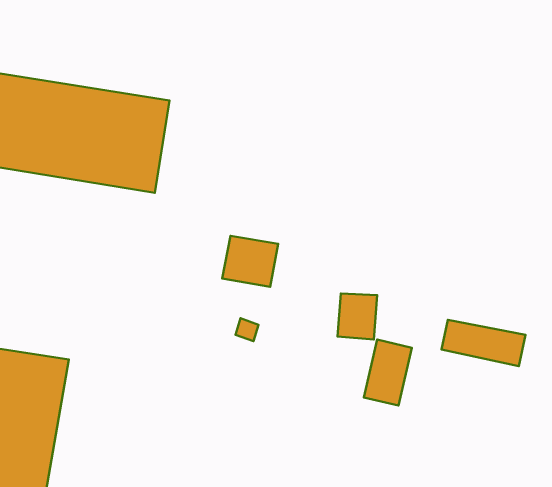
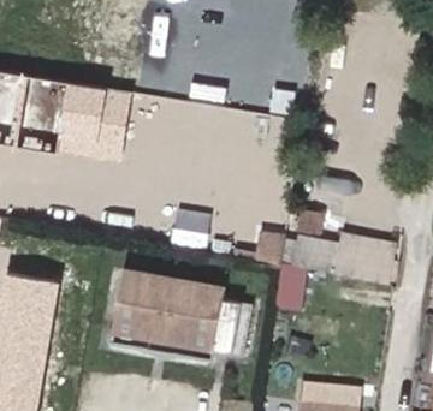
building: none -> [112,281,260,352]

